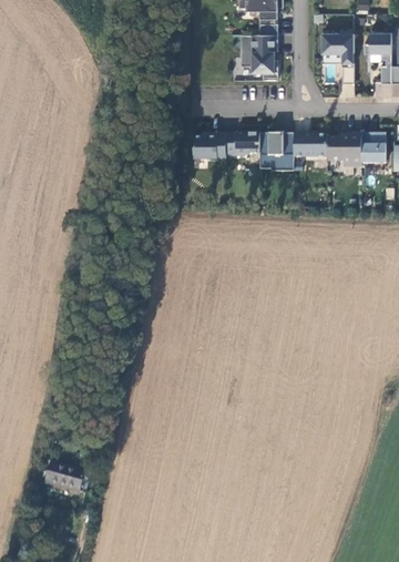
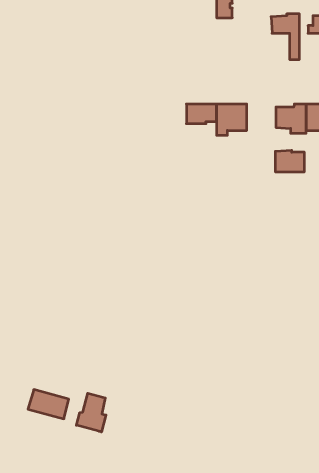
building: [241,34,277,76] -> none
building: [294,132,327,156] -> [275,150,304,172]
building: [193,133,225,160] -> none
building: none -> [76,393,106,432]

